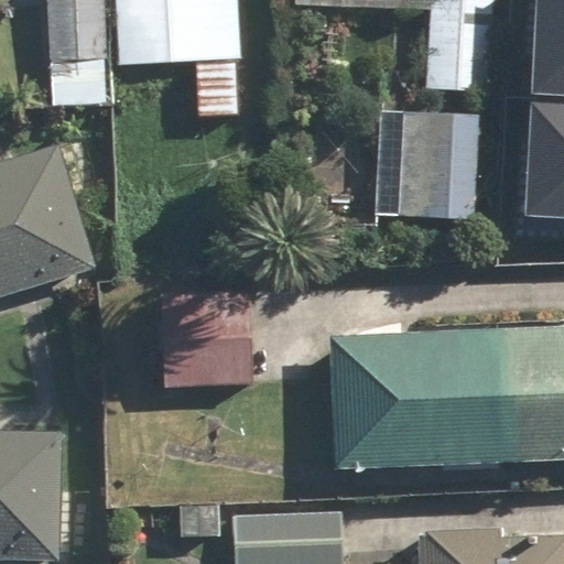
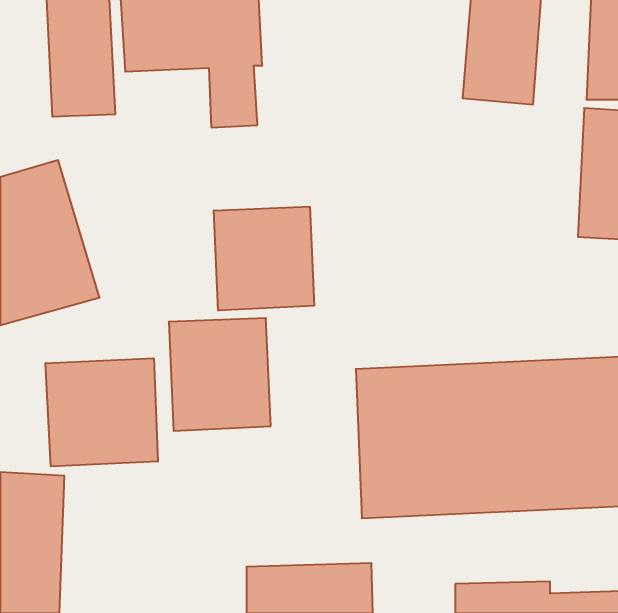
building: [393,111,480,220] -> none
building: none -> [214,207,314,311]
building: none -> [46,358,158,466]

